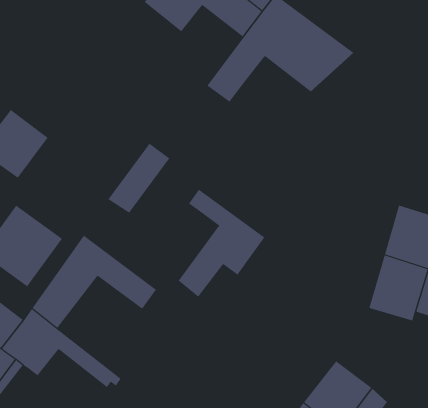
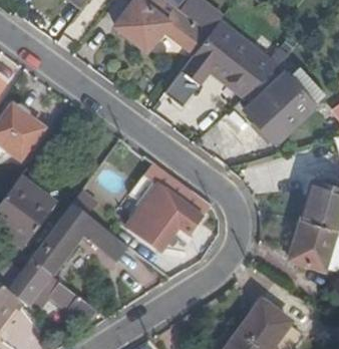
building: none -> [248,69,319,140]
building: [107,143,170,213] -> [125,185,174,239]

